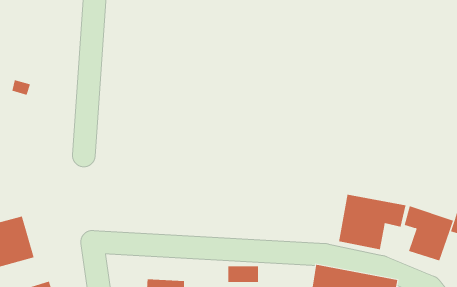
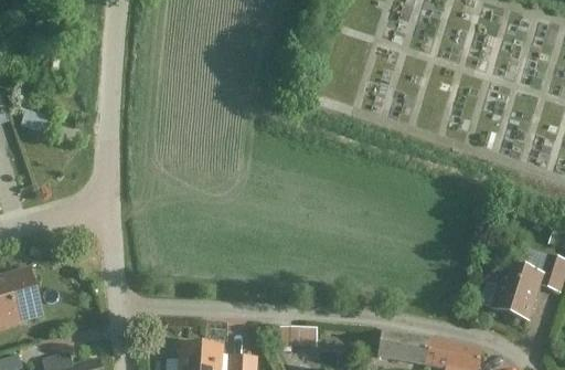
building: [338,194,406,250] -> none

